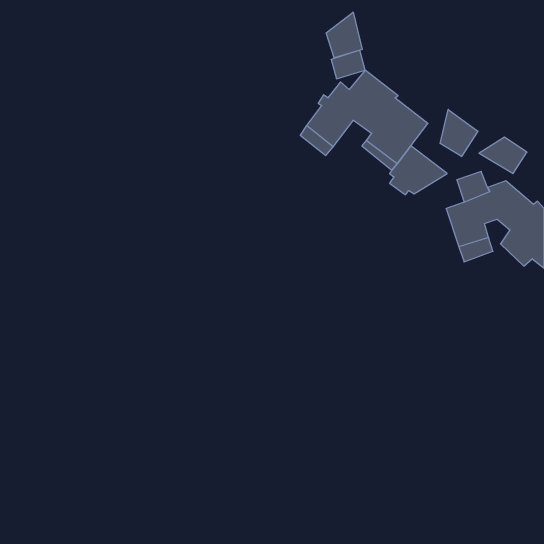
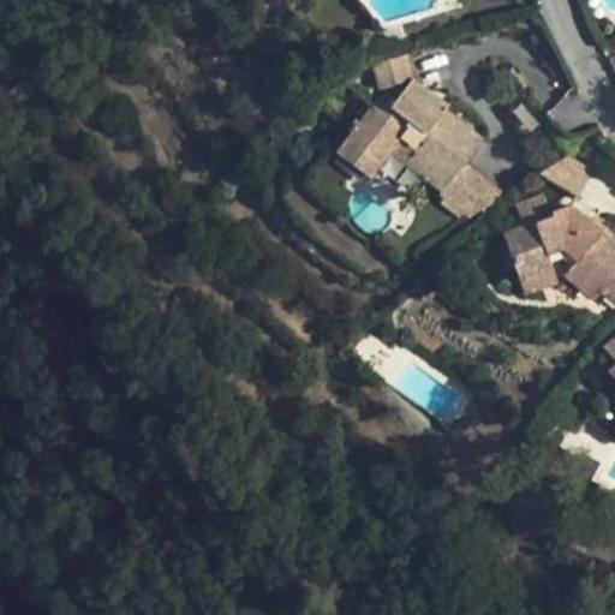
building: [326,12,362,58] -> none
building: [440,109,478,157] -> none

